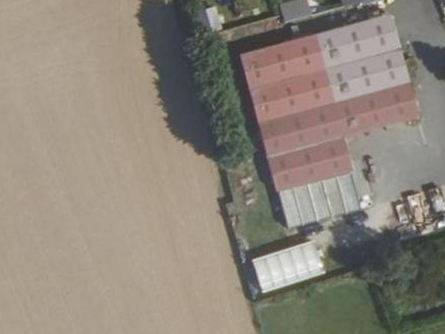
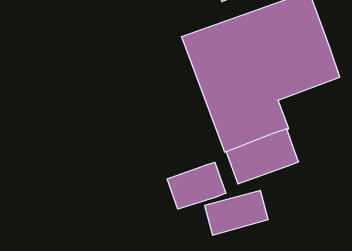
building: none -> [167,162,226,209]

